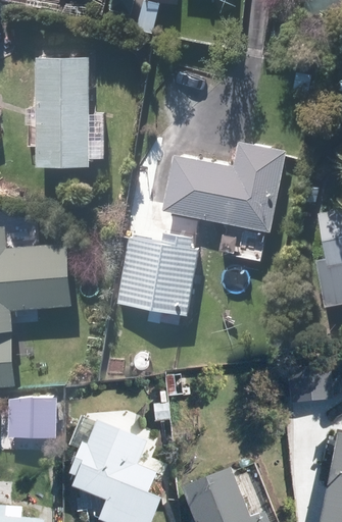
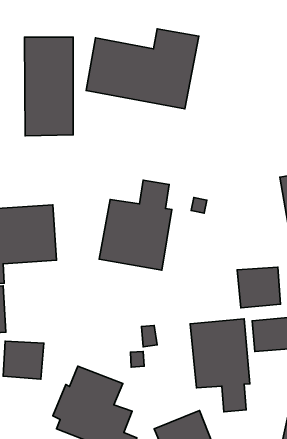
building: [161,144,286,232] -> [86,29,199,109]
building: none -> [237,267,281,308]
building: none -> [190,319,250,412]

